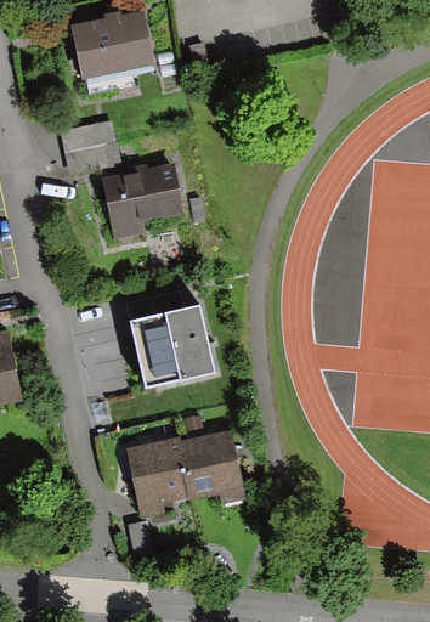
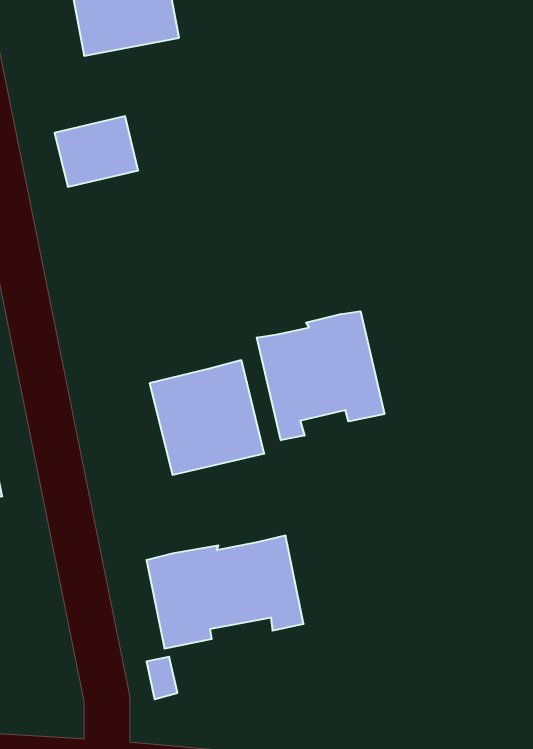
building: [101,165,182,242] -> none
building: none -> [257,311,384,440]

